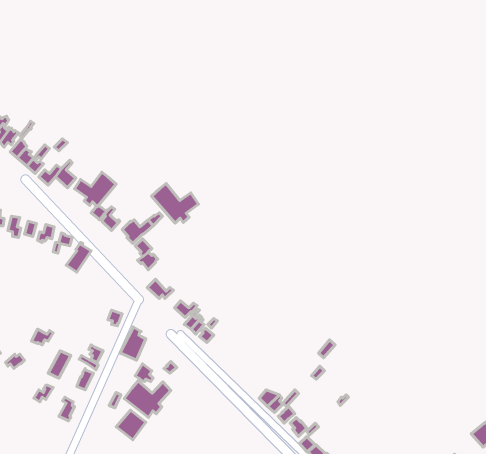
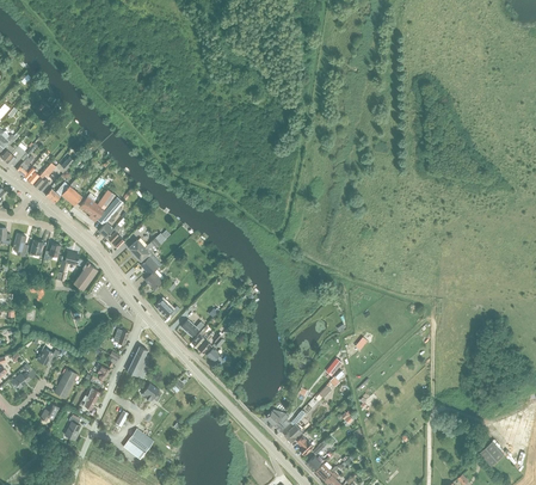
building: [151,183,199,223] -> none
building: [124,381,171,417] -> none

